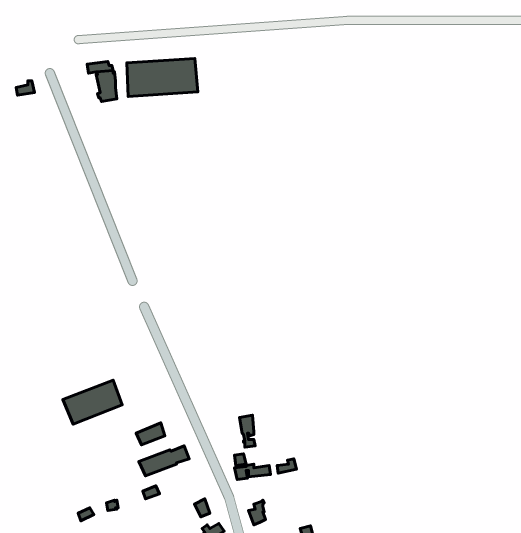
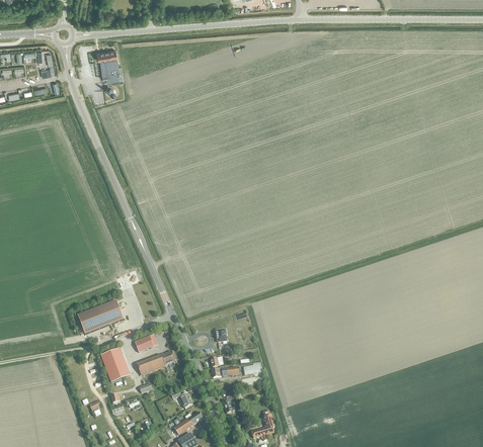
building: [127,58,198,97] -> none
building: none -> [100,347,130,381]

